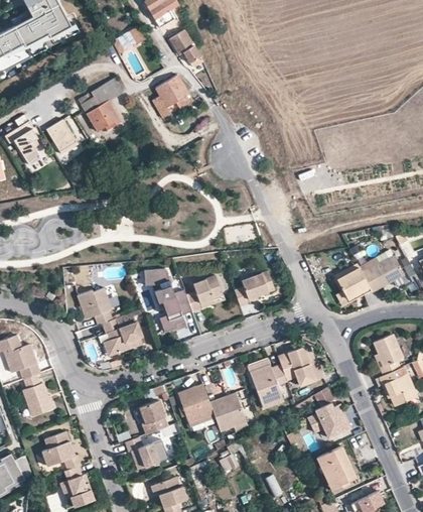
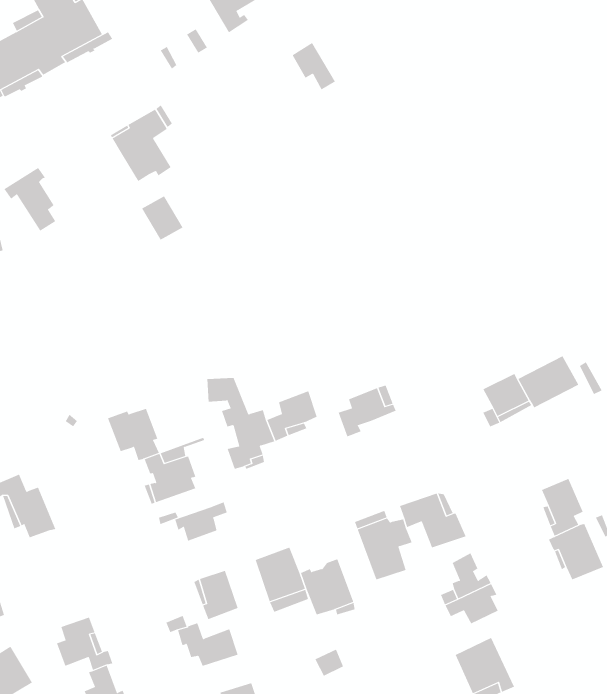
building: [169,29,199,62] -> [292,42,336,90]
building: [155,76,188,114] -> none
building: [47,120,77,151] -> [141,195,184,241]
building: none -> [174,502,227,541]
building: [23,372,53,414] -> none

